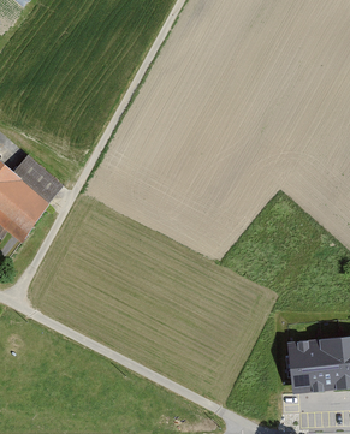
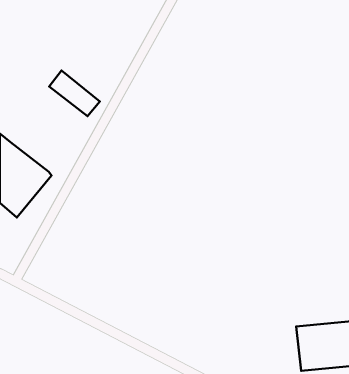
building: [13,154,63,198] -> [49,70,100,116]

